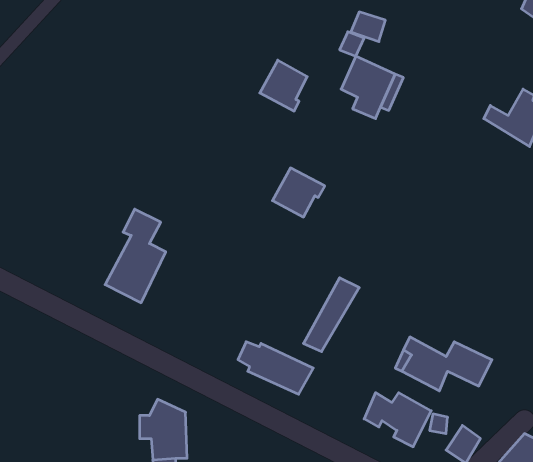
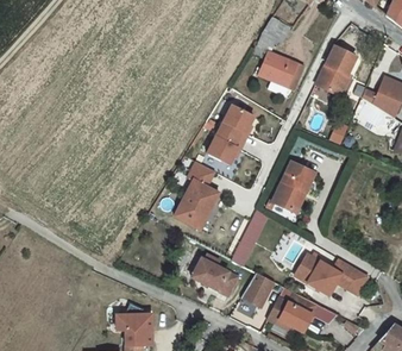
building: none -> [319,45,359,93]
building: [260,60,307,111] -> [222,108,257,145]
building: [105,209,166,303] -> [178,164,222,232]
building: none -> [277,164,318,213]
building: none -> [245,272,278,307]

